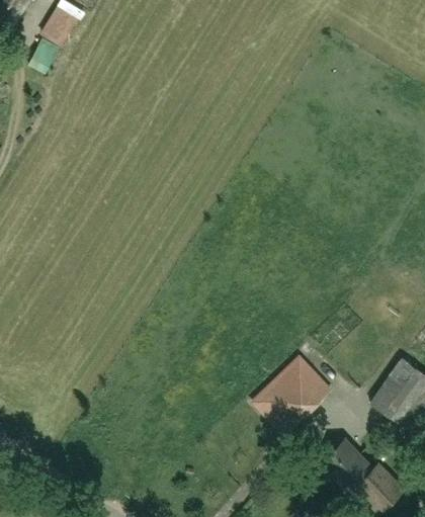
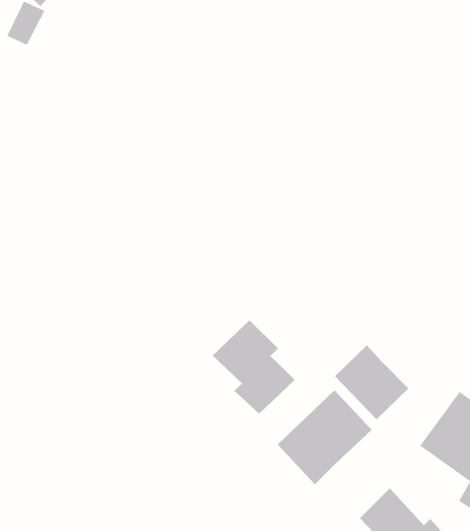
building: none -> [212,319,296,414]
building: none -> [334,344,409,420]

